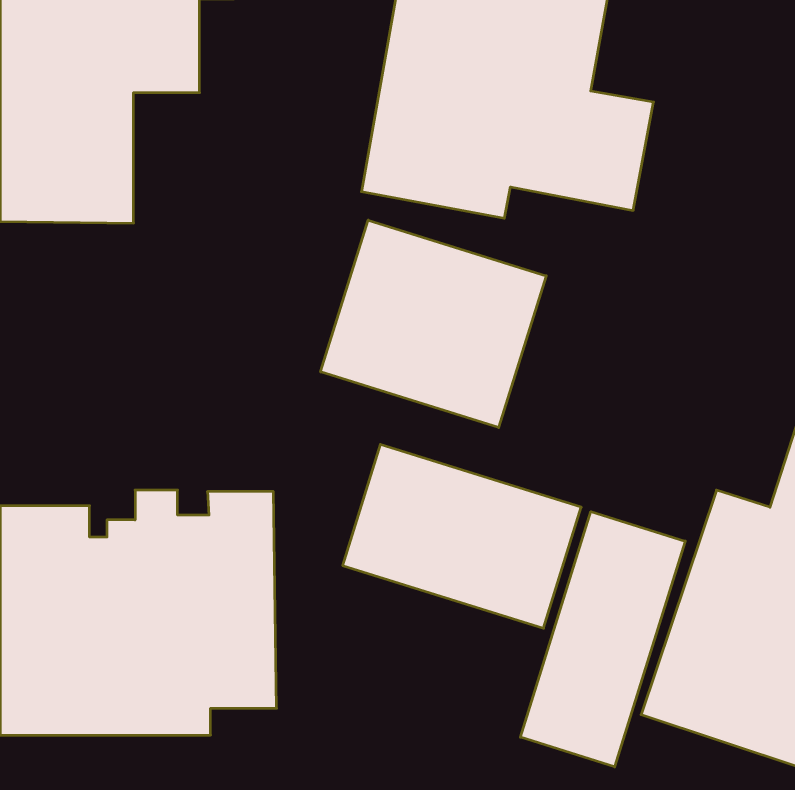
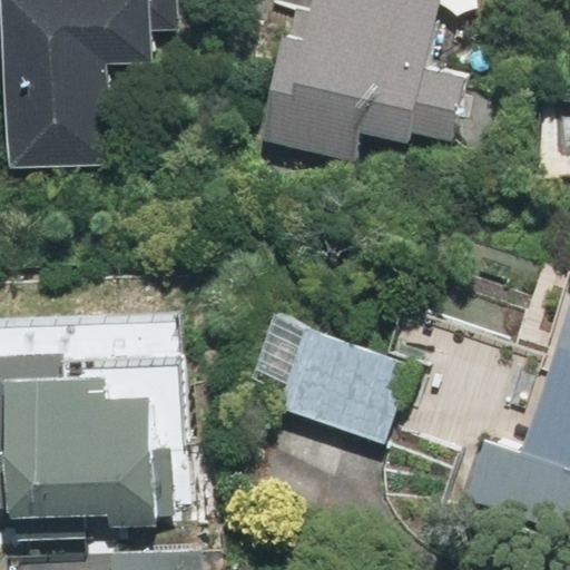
building: [321,220,546,428] -> none
building: [520,512,685,767] -> none

